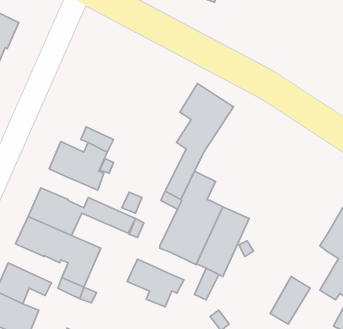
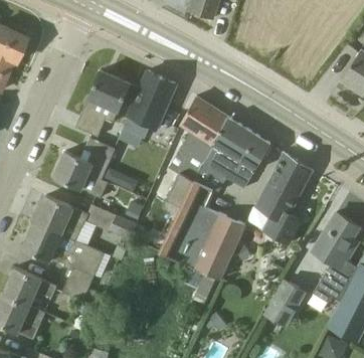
building: none -> [75,70,130,136]
building: none -> [121,70,175,135]
building: none -> [200,118,270,187]
building: none -> [253,151,311,245]
building: [127,259,184,307] -> none

